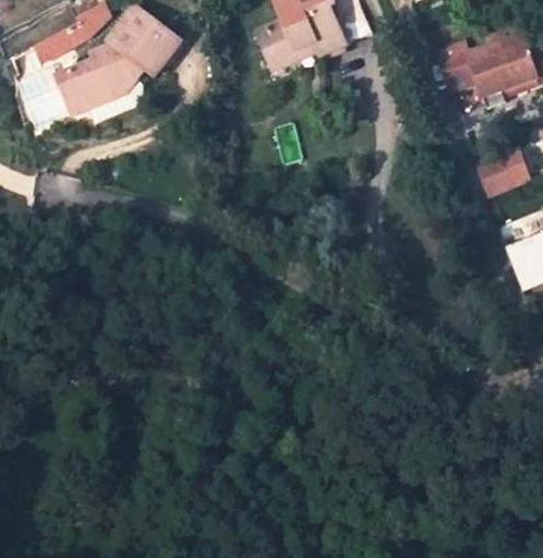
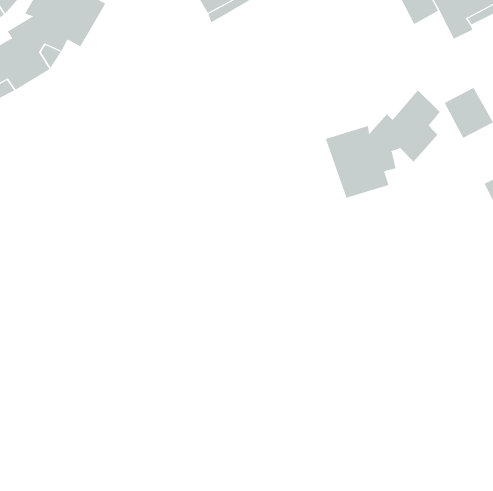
building: none -> [325,89,441,199]

